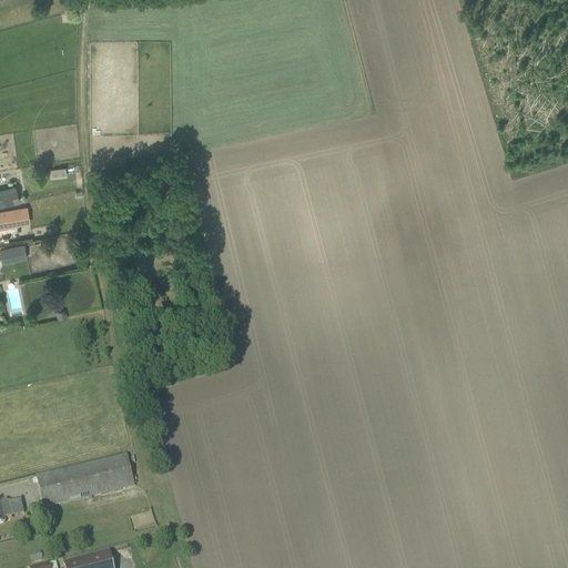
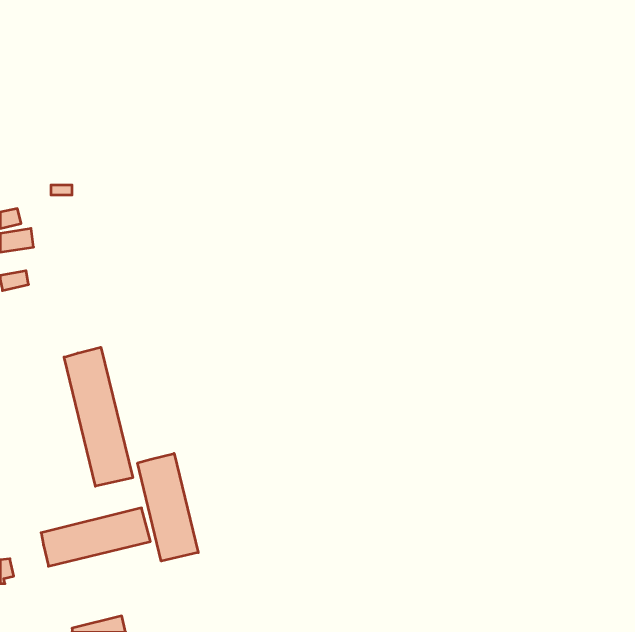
building: none -> [64,347,133,486]
building: none -> [138,453,198,561]

